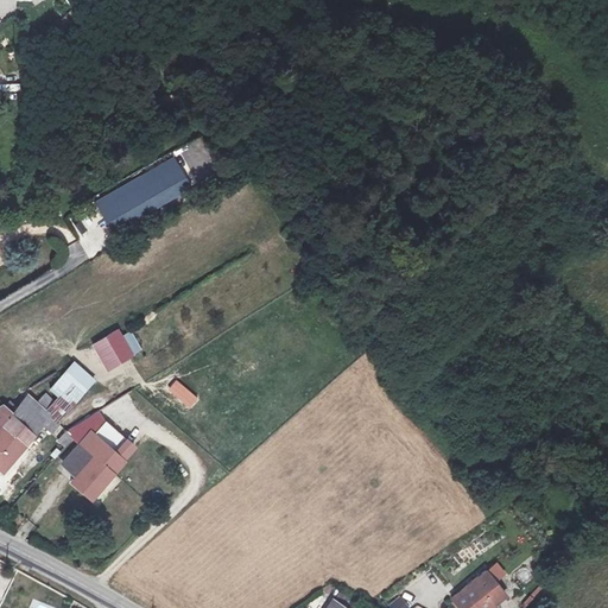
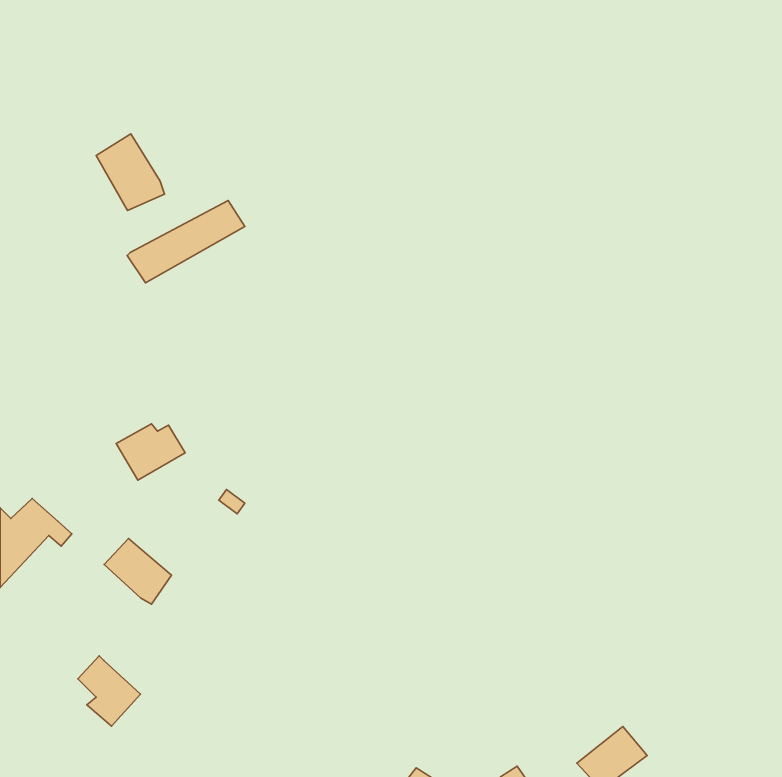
building: none -> [96,134,164,210]
building: [45,365,95,420] -> none
building: [61,438,109,493] -> [78,656,140,726]

